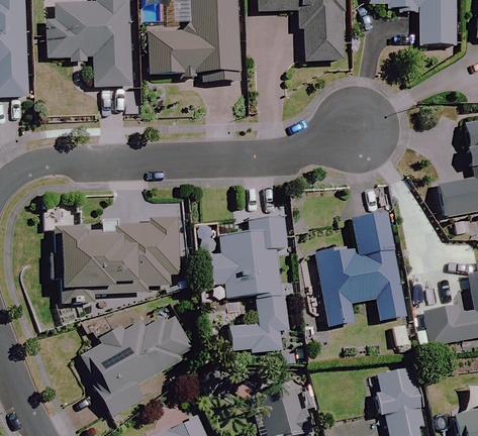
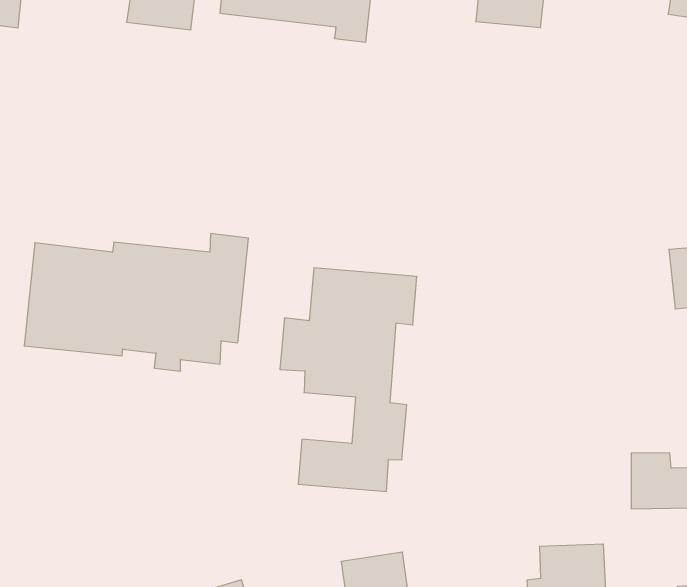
building: [314,211,405,326] -> none
building: [80,306,192,416] -> none

